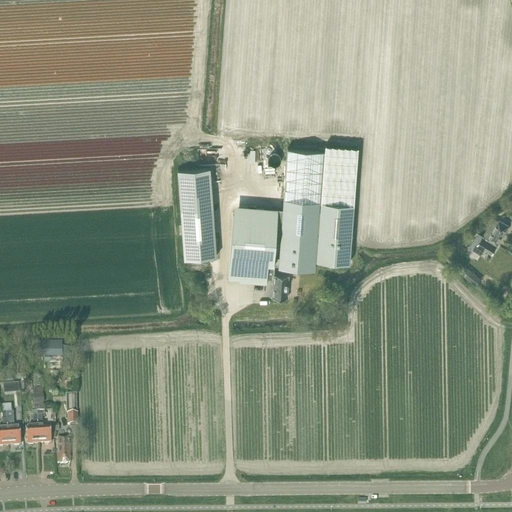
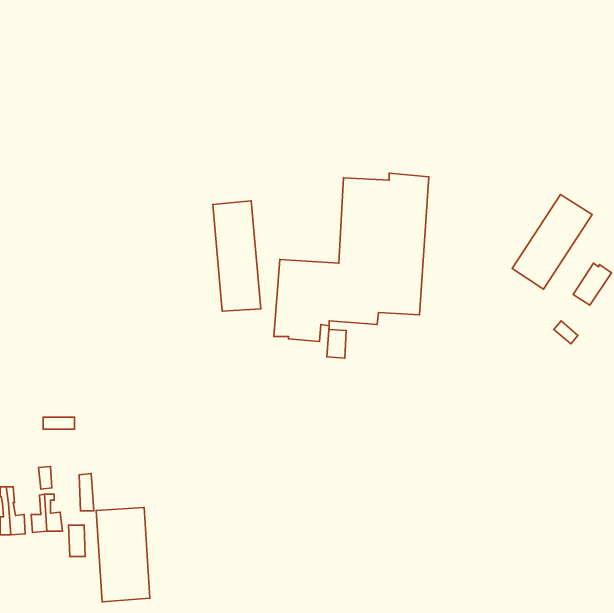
building: none -> [512,195,592,289]
building: none -> [96,508,150,602]

